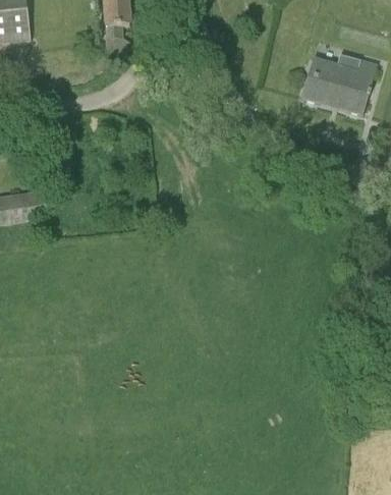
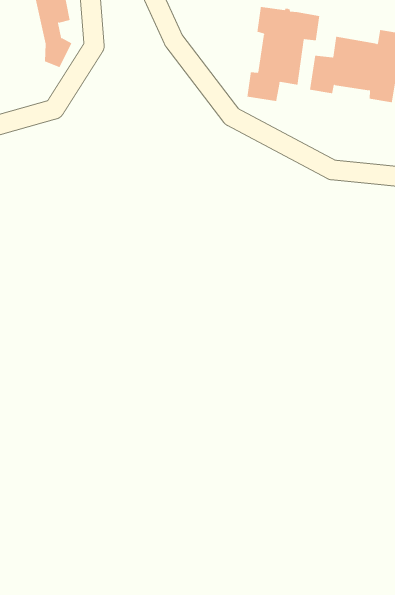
building: none -> [247,6,320,102]

